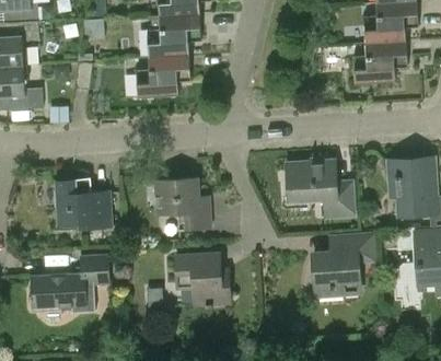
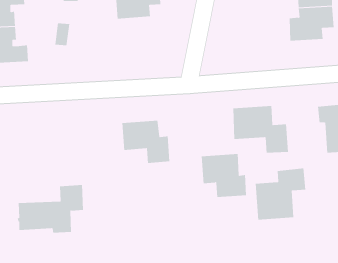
building: [137,54,190,96] -> none
building: [56,178,114,229] -> none
building: [175,253,230,305] -> [201,153,247,197]

